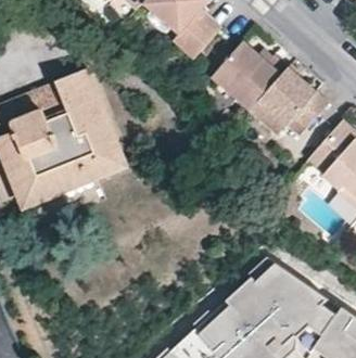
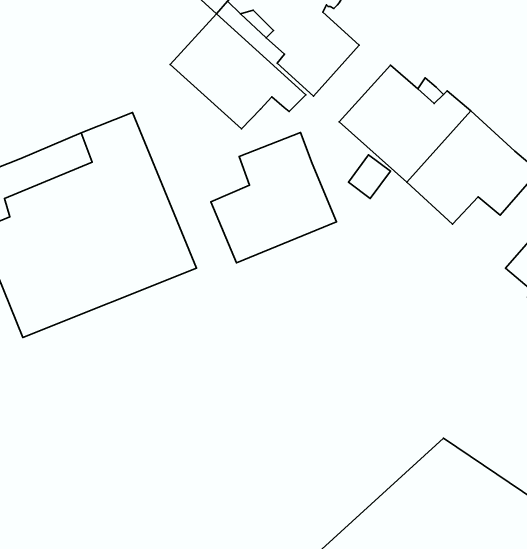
building: none -> [170,14,306,129]
building: none -> [211,132,337,263]

